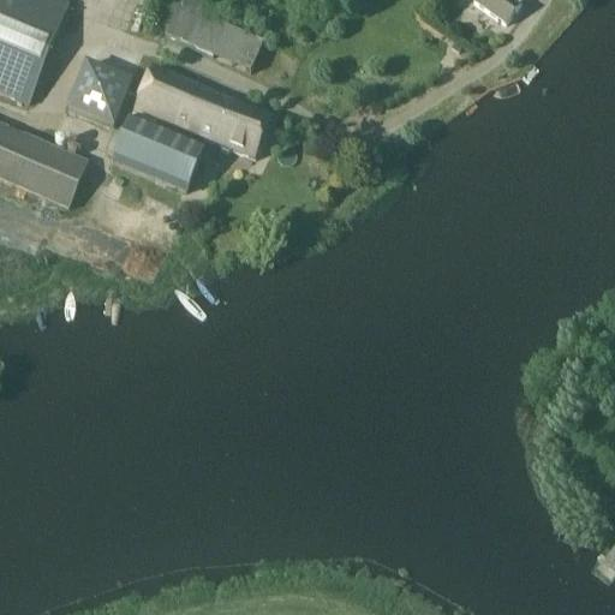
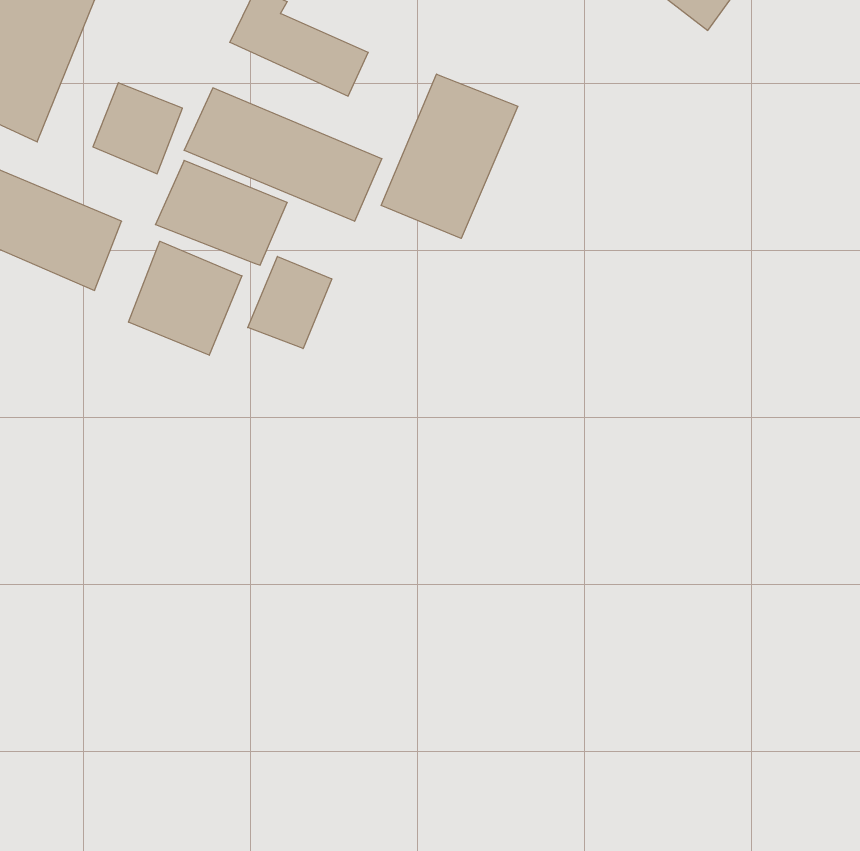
building: none -> [381,74,518,238]
building: none -> [129,241,242,355]
building: none -> [248,256,332,349]

